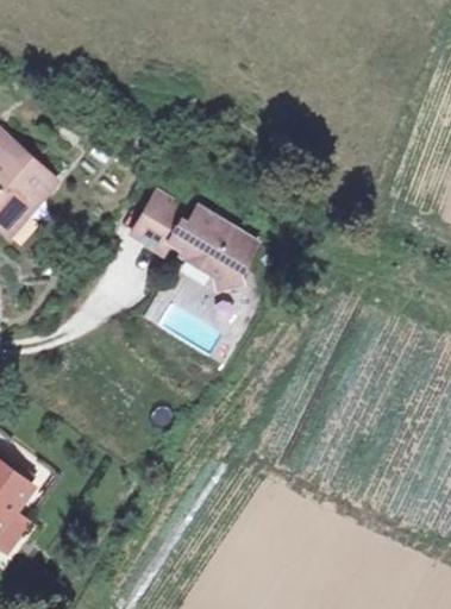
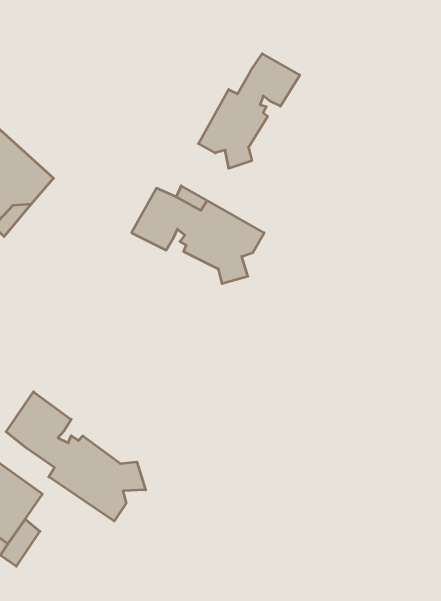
building: none -> [198,54,300,168]
building: none -> [6,392,146,521]

